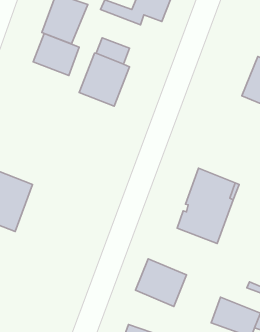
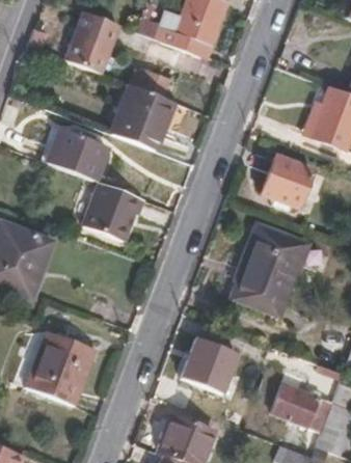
building: [33,34,79,75] -> [49,128,105,179]
building: none -> [261,155,309,206]
building: none -> [80,181,142,240]
building: none -> [25,332,97,405]

